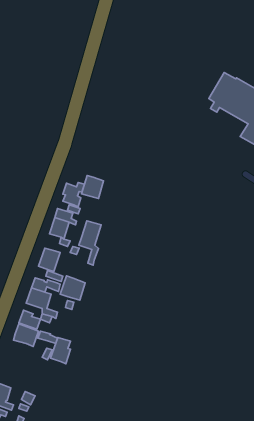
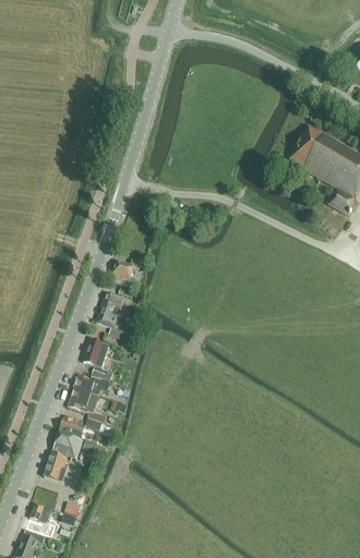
building: [82,175,104,199] -> none
building: [79,221,101,265] -> none
building: [60,276,85,300] -> none
building: [51,338,70,364] -> [45,450,69,482]

